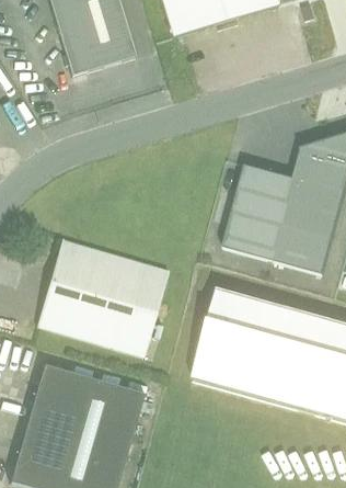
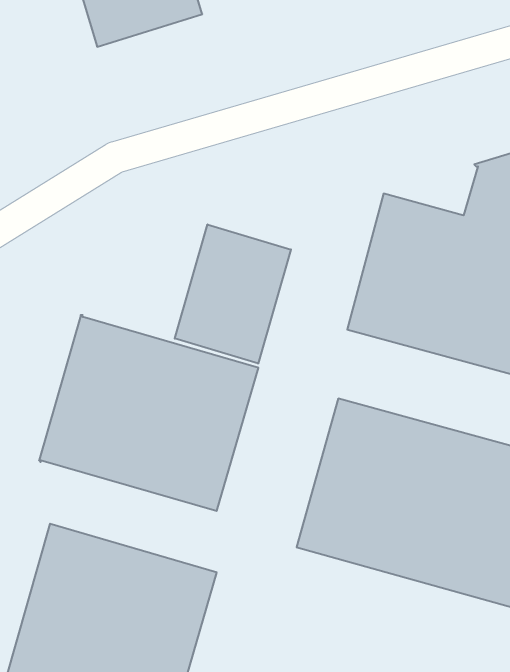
building: none -> [175,224,291,364]

